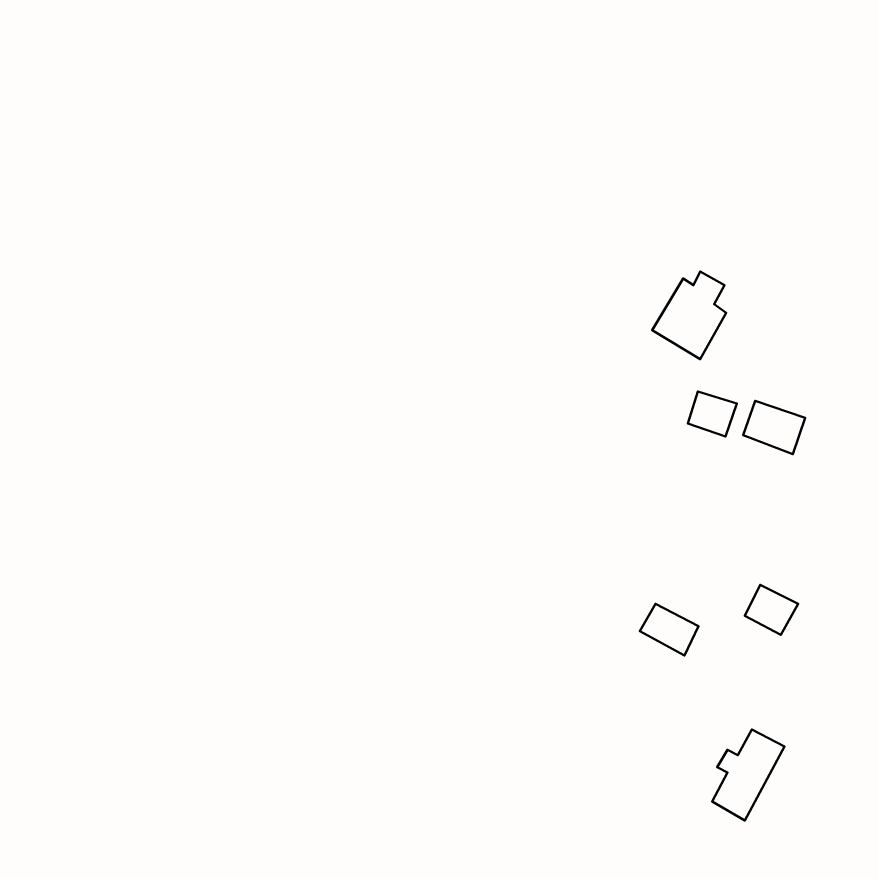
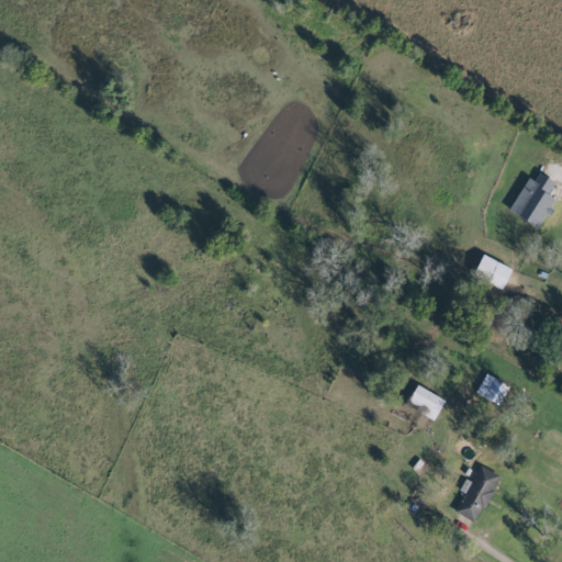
building: [652,272,726,359] -> [508,172,555,228]
building: [688,391,737,436] -> none

